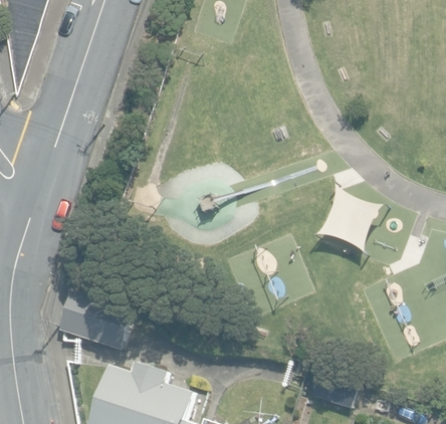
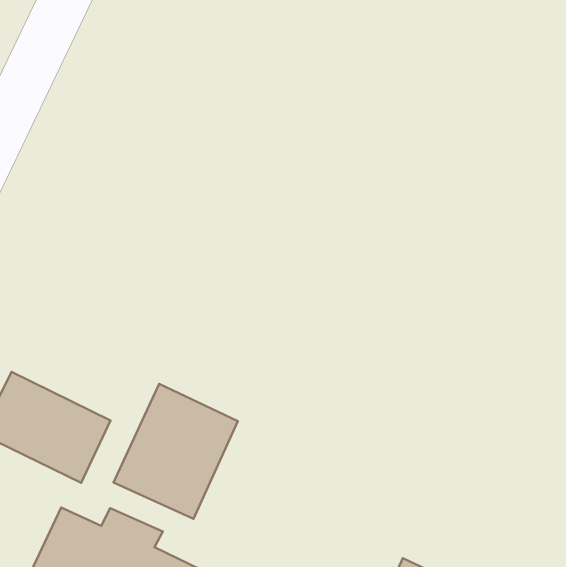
building: none -> [114,384,238,519]

